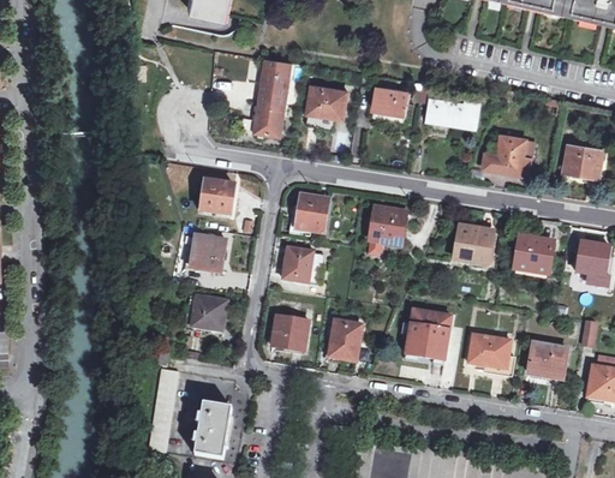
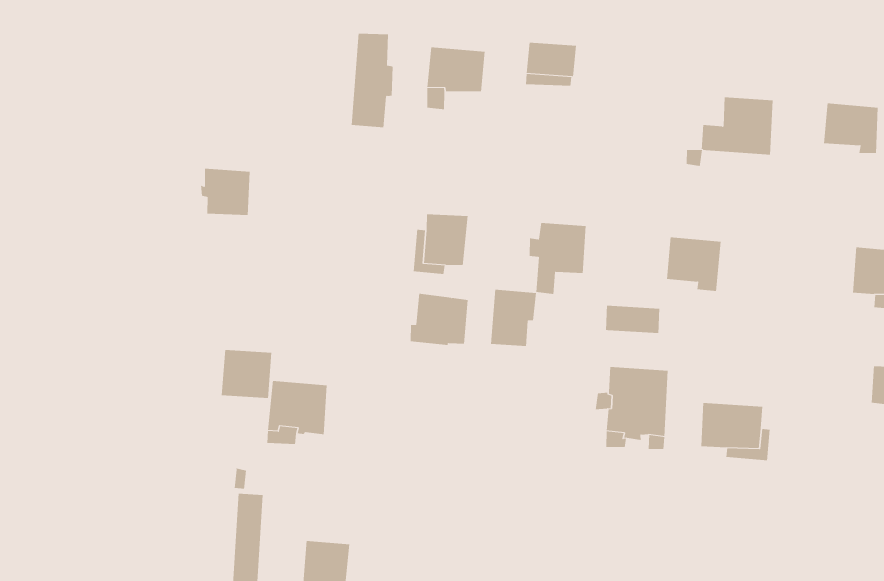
building: [419,82,479,126] -> none
building: [201,180,234,214] -> [200,168,250,216]
building: [190,234,226,269] -> [221,349,272,399]
building: [513,234,551,276] -> none
building: none -> [605,305,660,334]
building: [271,315,308,349] -> none
building: [328,319,362,359] -> [490,289,537,347]
building: [527,342,567,375] -> none

